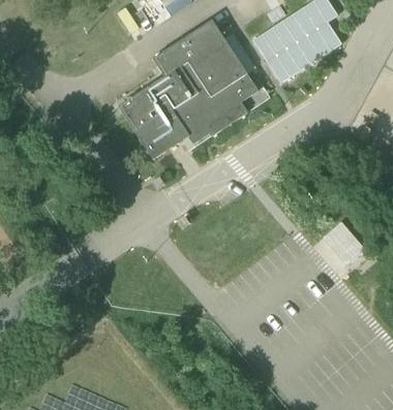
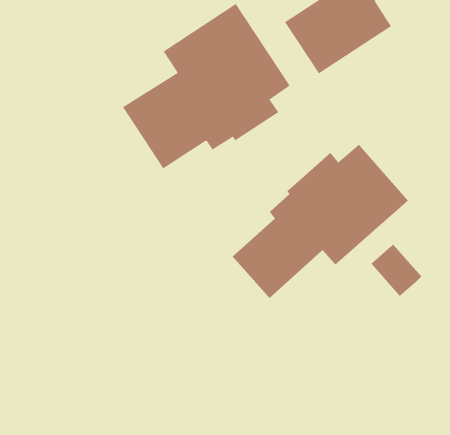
building: none -> [232,144,409,299]

